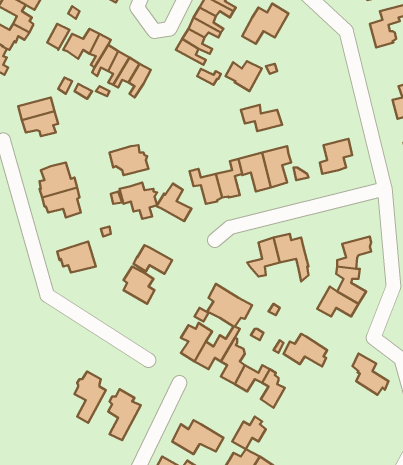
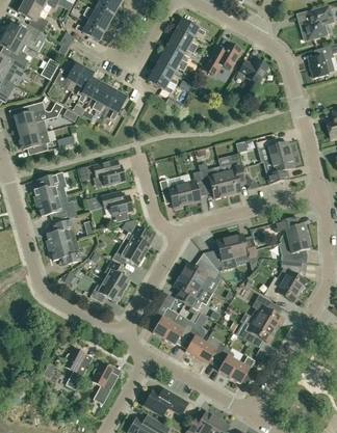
building: [226,61,262,91] -> [238,58,268,83]
building: none -> [14,103,44,127]
building: [241,105,282,131] -> [257,137,291,159]
building: [156,184,192,221] -> [122,223,151,254]
building: none -> [274,216,309,242]
building: none -> [47,219,75,247]
building: none -> [181,260,219,286]
building: none -> [90,279,124,302]
building: [352,354,389,395] -> [253,295,283,329]
building: [232,417,266,449] -> [229,356,257,383]

